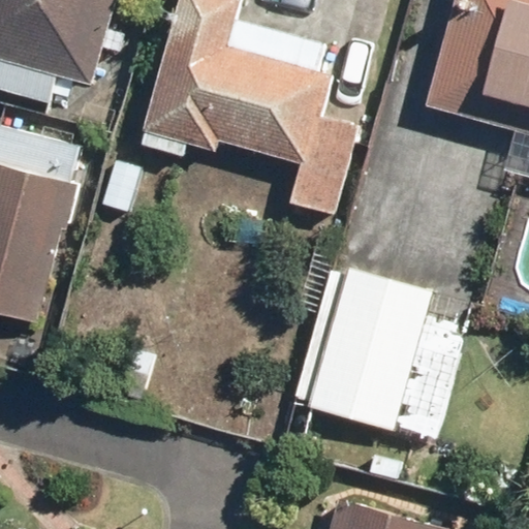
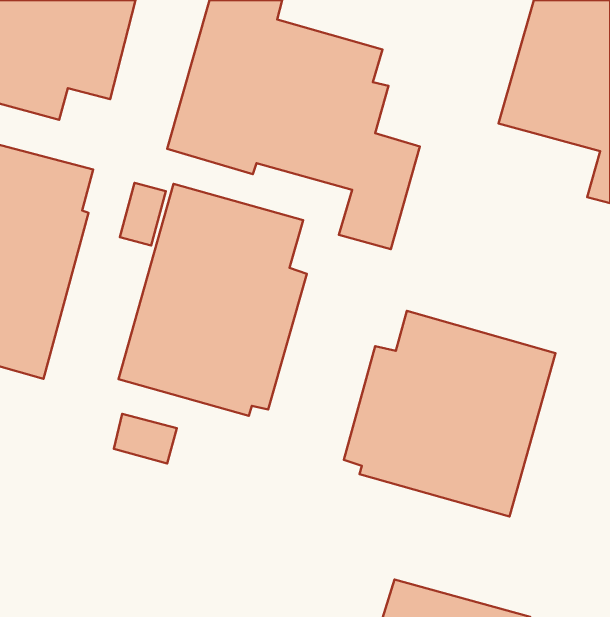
building: none -> [118,184,307,416]

